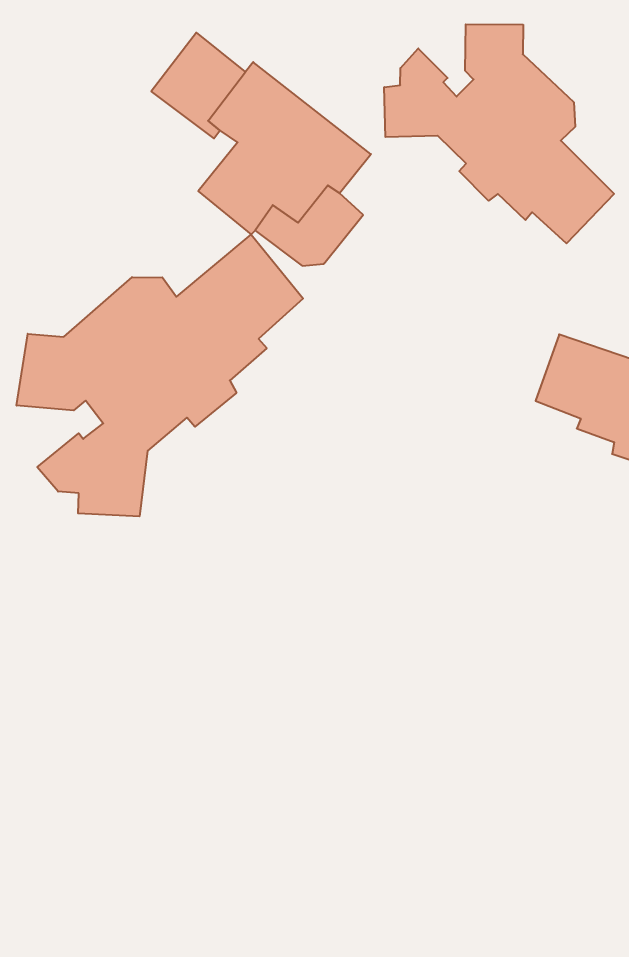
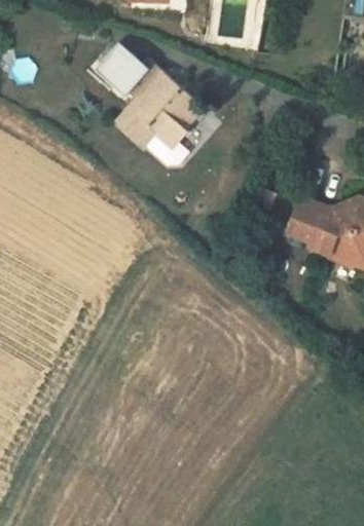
building: [384,24,614,243] -> none
building: [17,234,303,516] -> none

